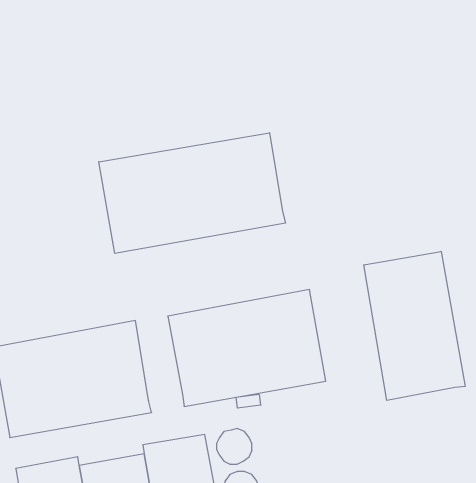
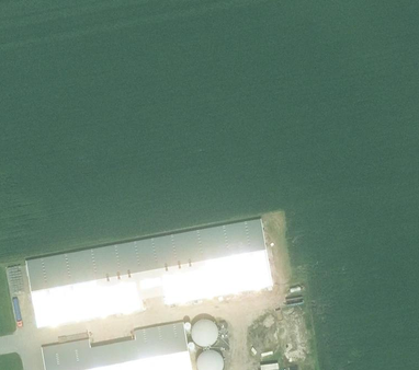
building: [99,133,285,253] -> none
building: [364,251,465,400] -> none
building: none -> [131,238,166,300]

